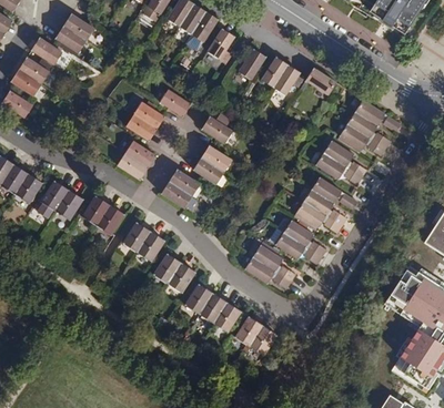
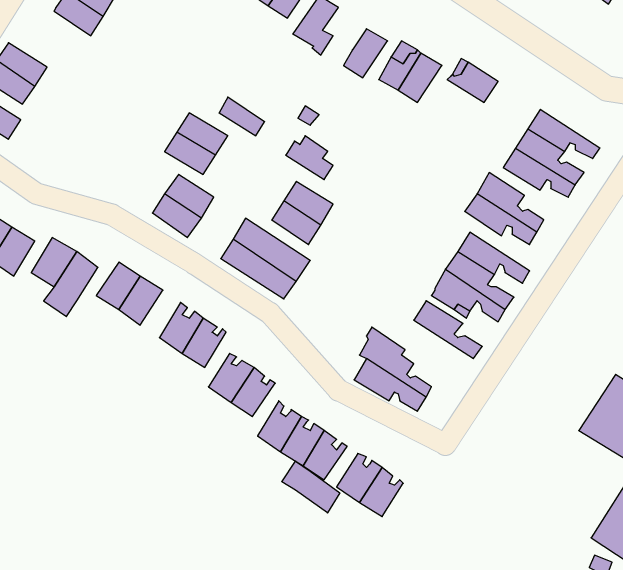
building: [30,35,63,64] -> none
building: [266,226,320,265] -> none
building: none -> [282,461,340,513]

